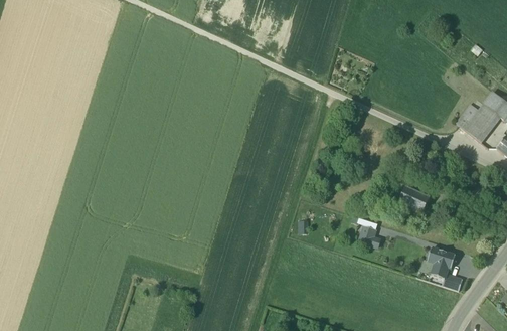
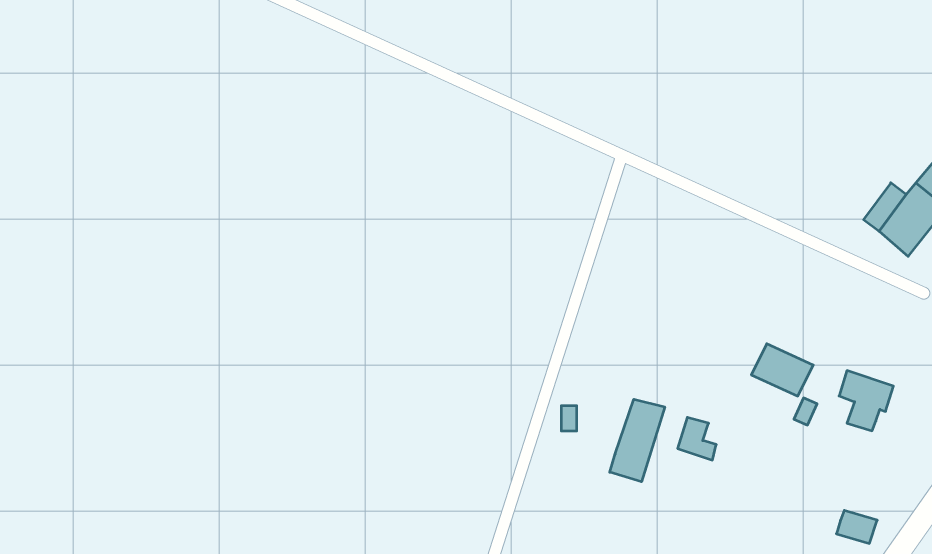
building: none -> [610,399,665,482]
building: [427,247,455,279] -> [839,371,893,431]

